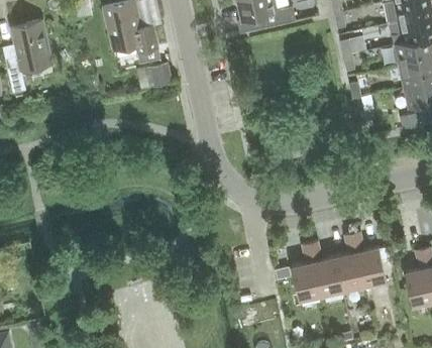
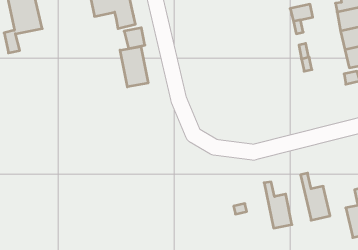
building: none -> [120,46,148,87]
building: [334,233,363,291] -> none
building: [291,242,320,300] -> none

